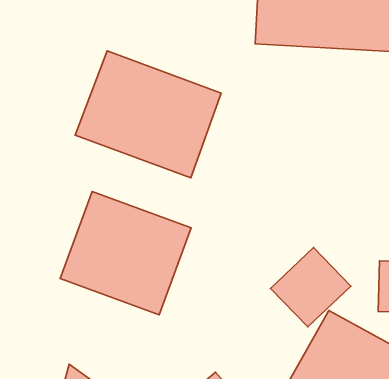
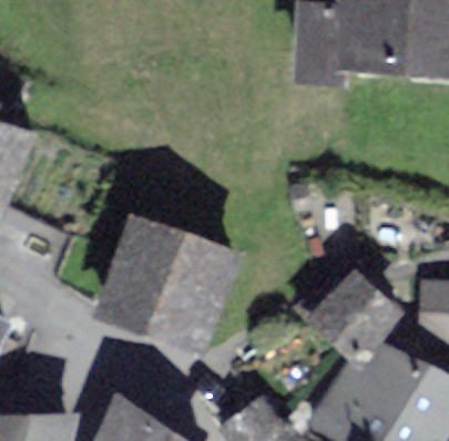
building: [75,51,221,178] -> none

